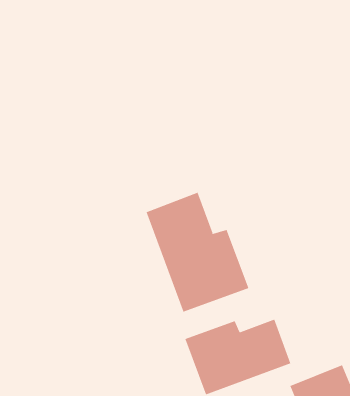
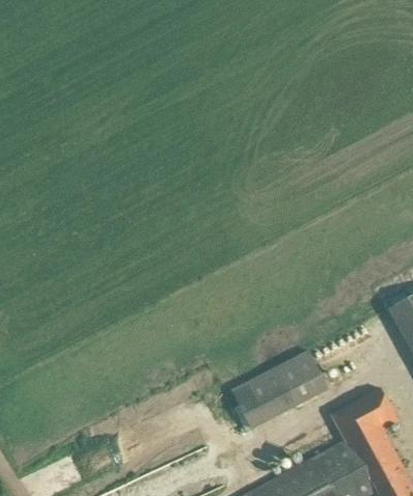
building: [146,192,249,313] -> none

